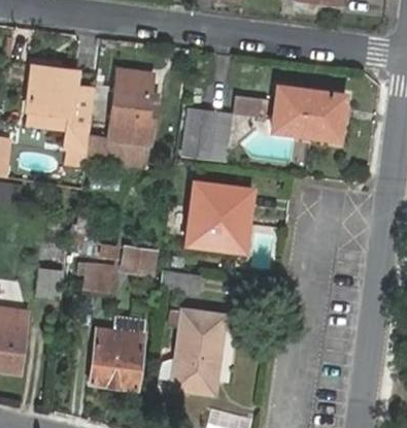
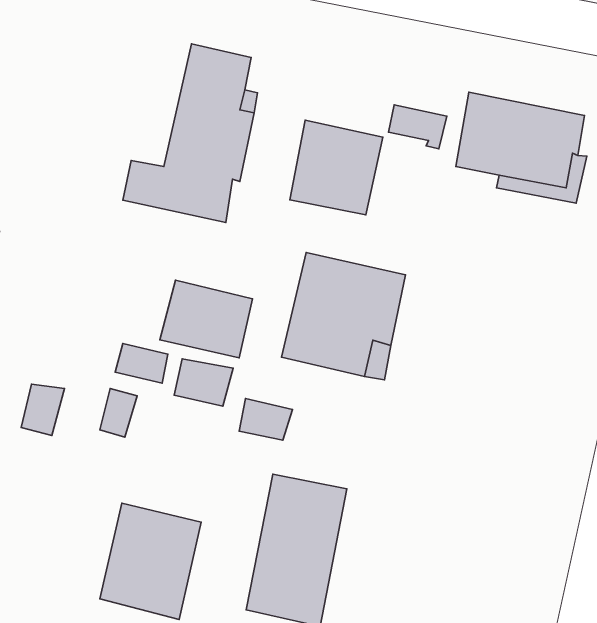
building: [28,62,95,151] -> none
building: none -> [160,280,253,358]

